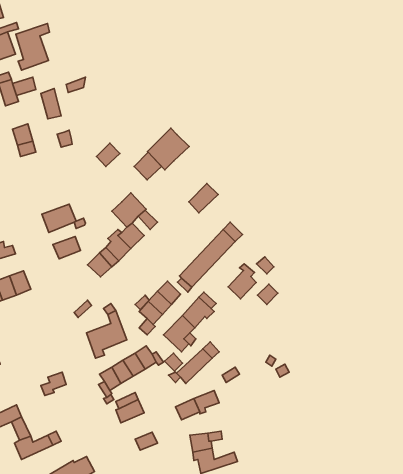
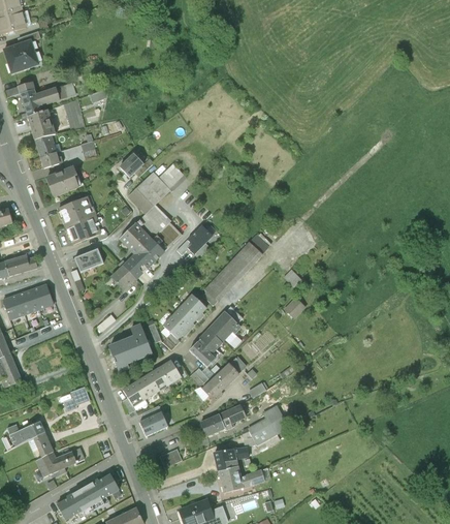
building: [16,23,49,70] -> none
building: none -> [27,110,54,140]
building: [148,128,189,170] -> [128,172,170,214]
building: none -> [45,166,77,197]
building: [189,184,218,213] -> [182,224,212,254]
building: none -> [58,197,94,226]
building: none -> [119,223,151,251]
building: [228,264,256,299] -> none
building: none -> [248,405,289,451]

